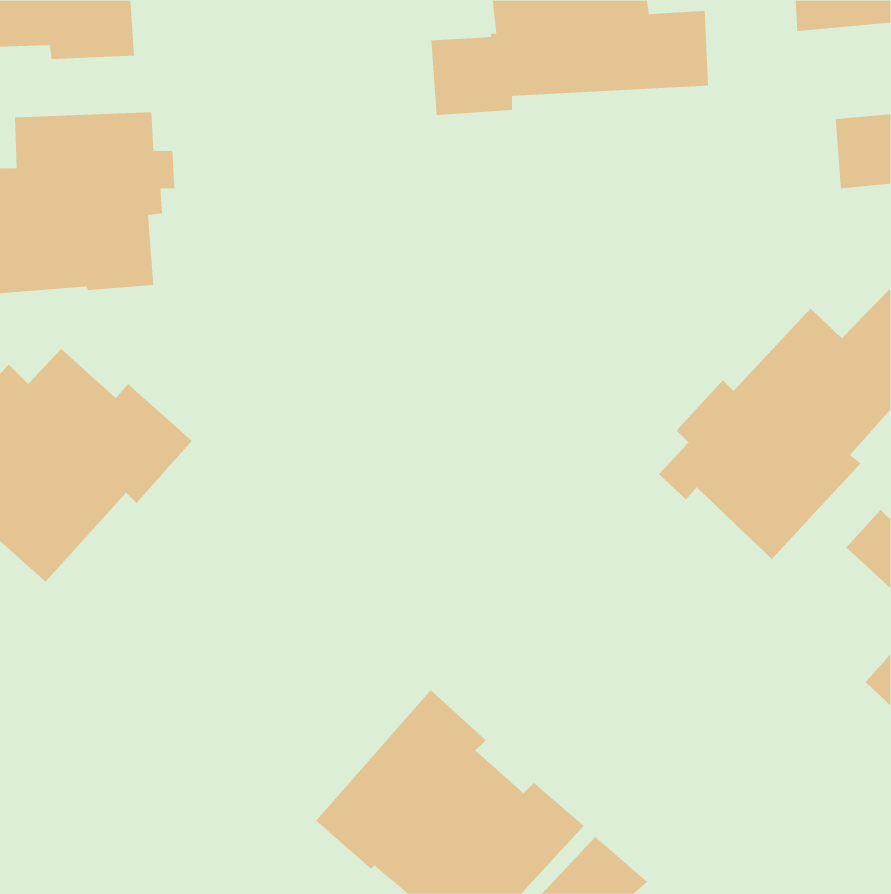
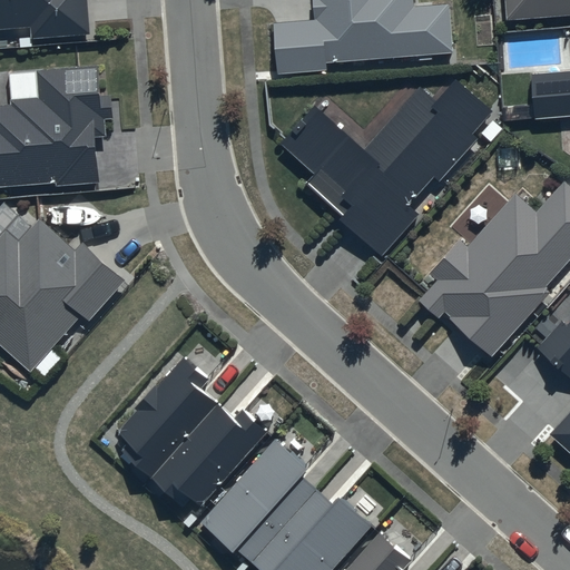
building: none -> [282,80,492,256]
building: none -> [117,358,267,507]

